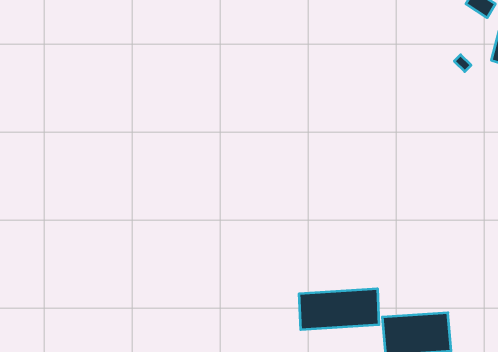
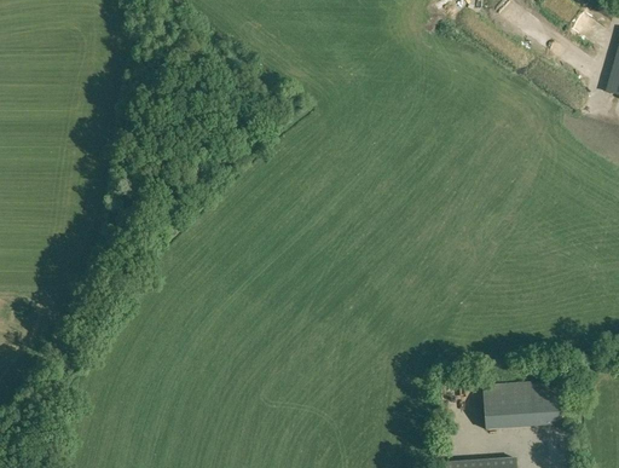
building: [299,289,379,330] -> none

